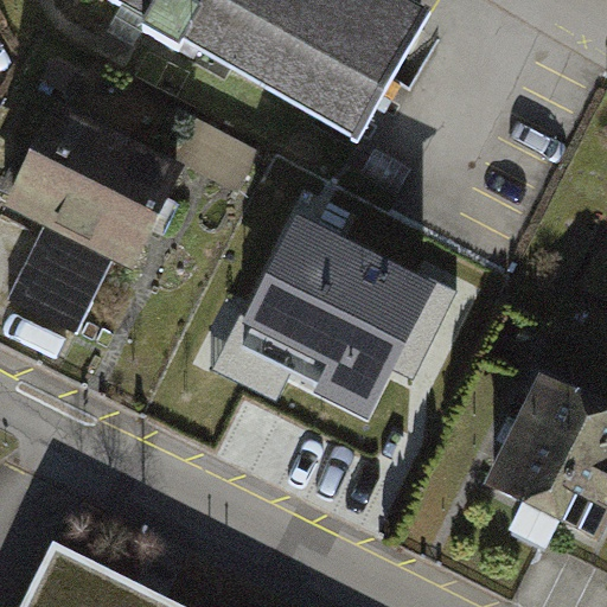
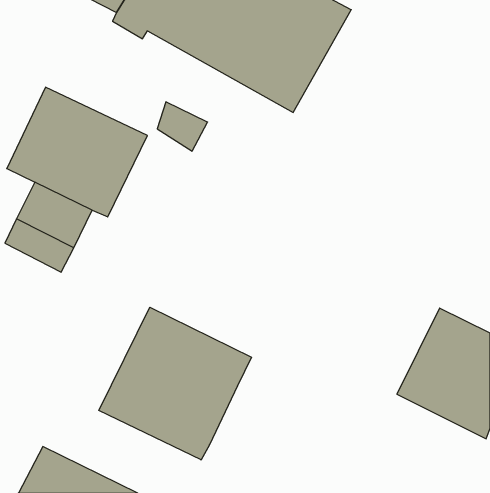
building: [243,236,454,407] -> none
building: none -> [99,307,251,460]

